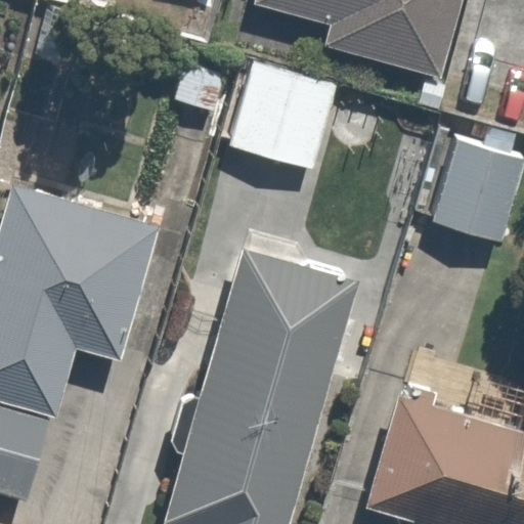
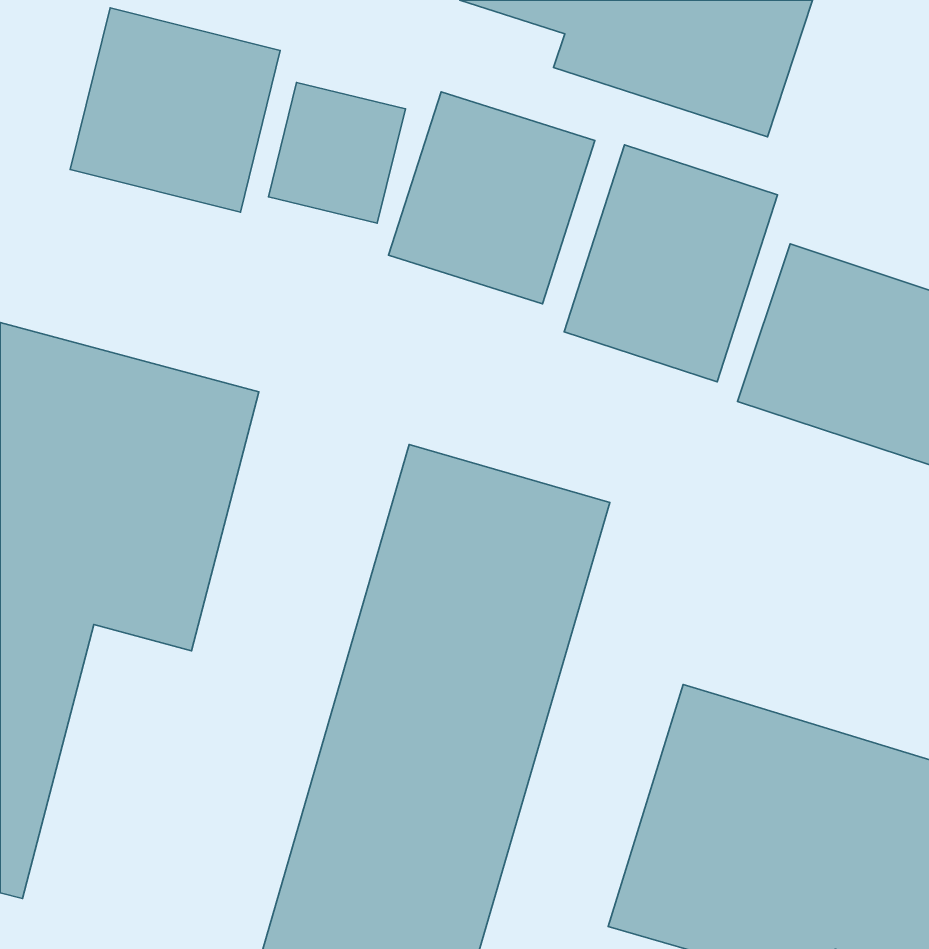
building: none -> [70,8,280,212]
building: none -> [564,145,778,382]

